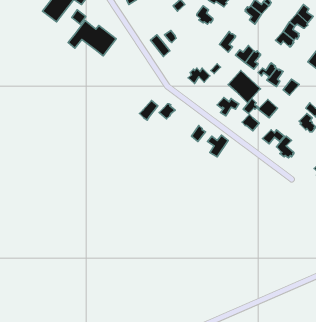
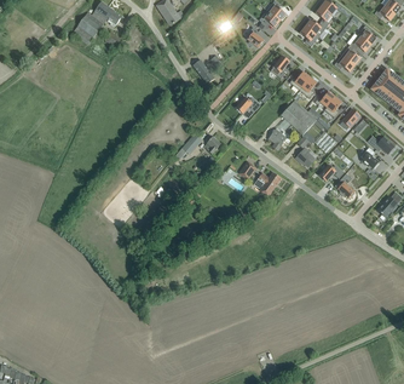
building: [68,20,116,56] -> none

